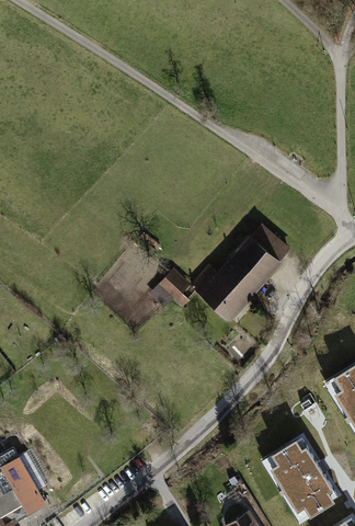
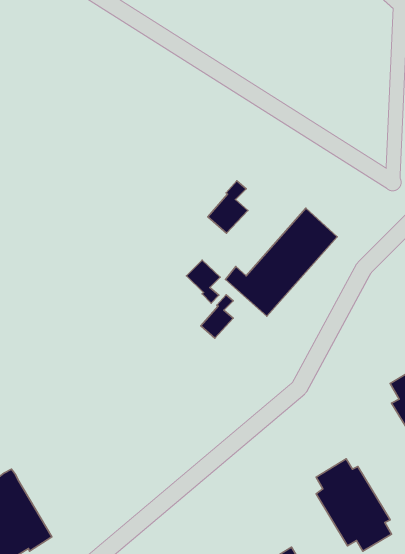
building: none -> [208,181,248,233]
building: none -> [201,295,233,338]

